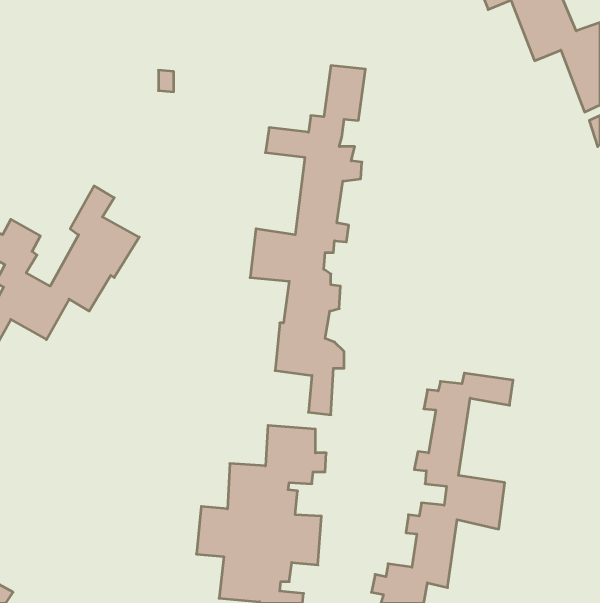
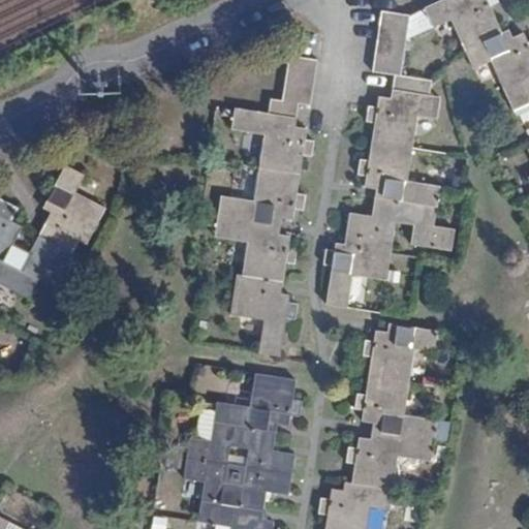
building: none -> [323,11,454,304]

